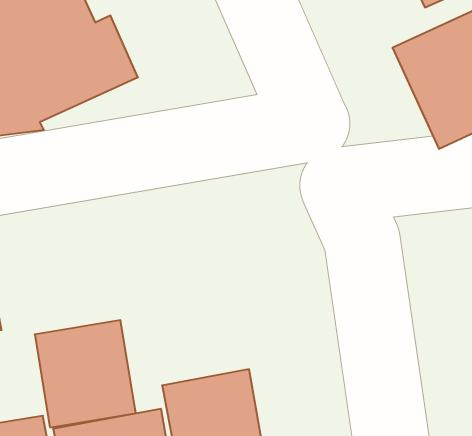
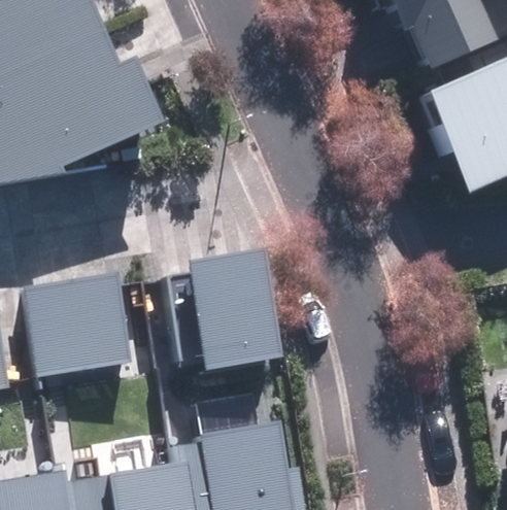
building: none -> [184,251,275,375]
building: [35,320,136,427] -> [31,270,134,379]

